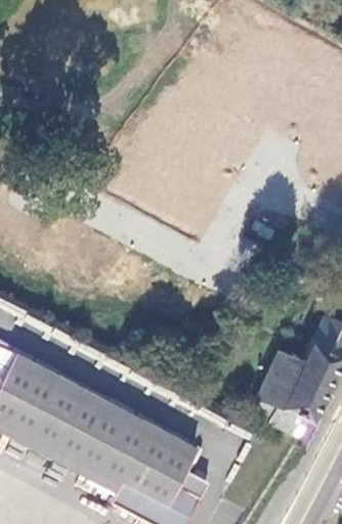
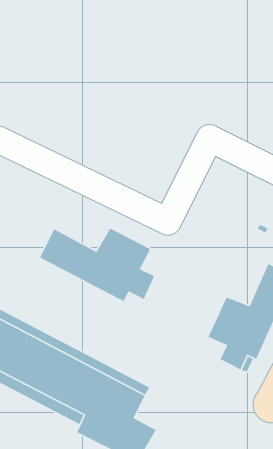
building: none -> [39,227,155,302]

